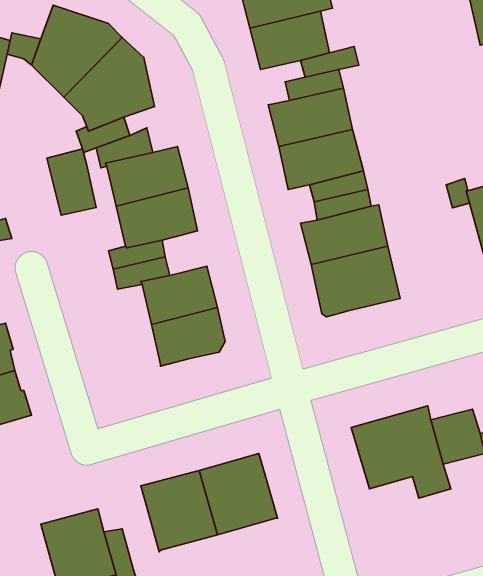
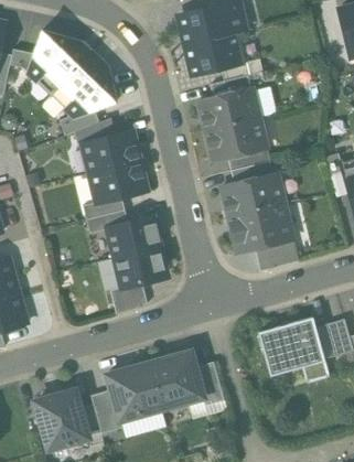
building: [47,149,96,215] -> none
building: none -> [255,239,298,271]
building: none -> [110,282,147,314]
building: none -> [195,362,224,405]
building: none -> [90,389,122,433]

